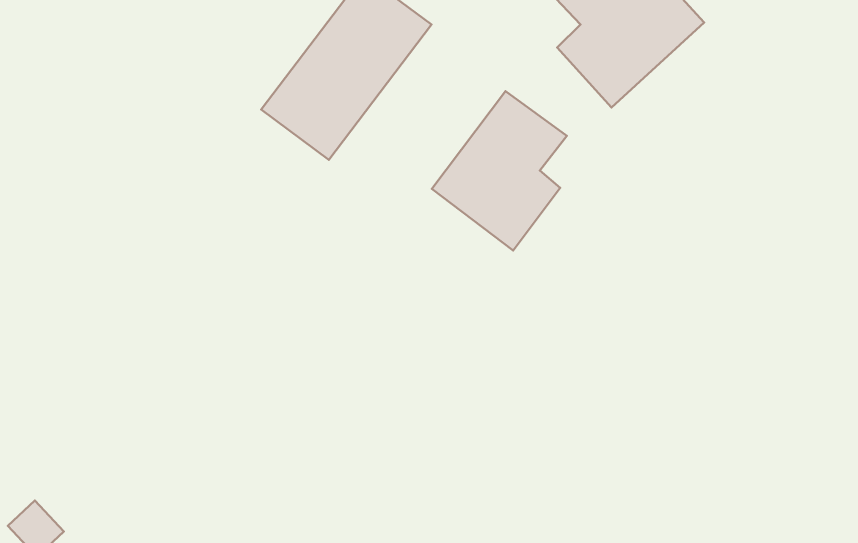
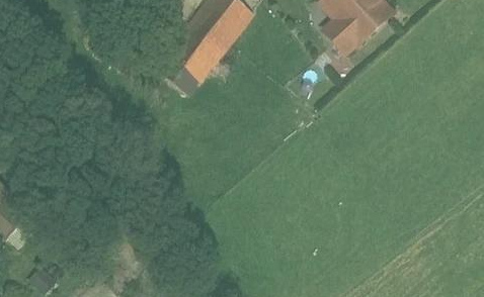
building: [432,91,567,251] -> none

